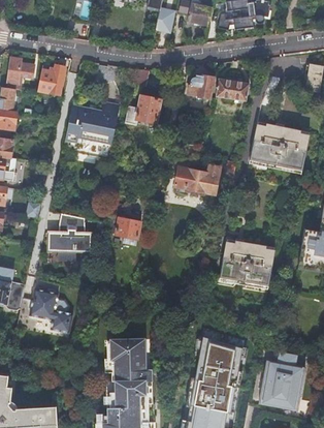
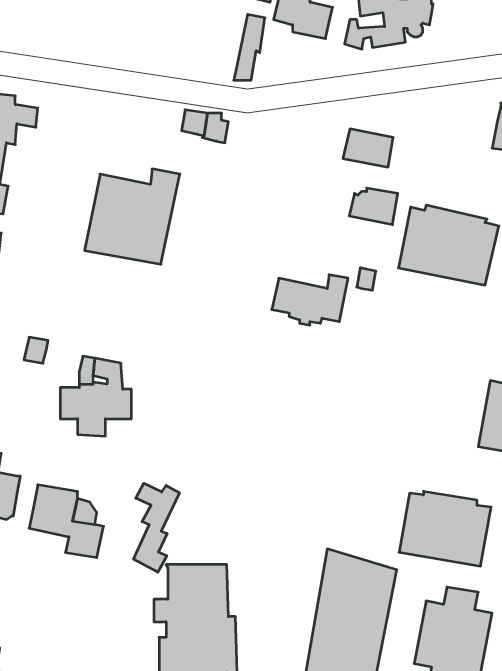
building: [38,62,66,94] -> none
building: [187,73,216,95] -> [349,188,398,225]
building: [126,94,161,123] -> none
building: [115,215,141,239] -> none
building: [220,241,274,285] -> [399,491,491,566]
building: none -> [134,483,179,572]

